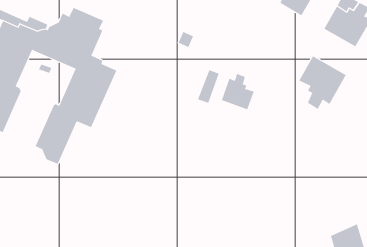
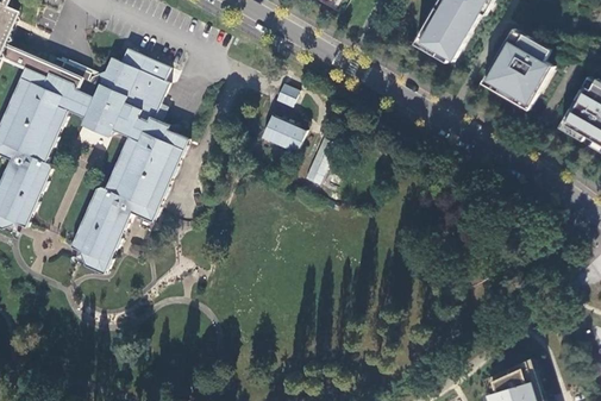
building: none -> [261,115,305,152]
building: [298,56,346,110] -> none
building: [221,73,254,110] -> none

